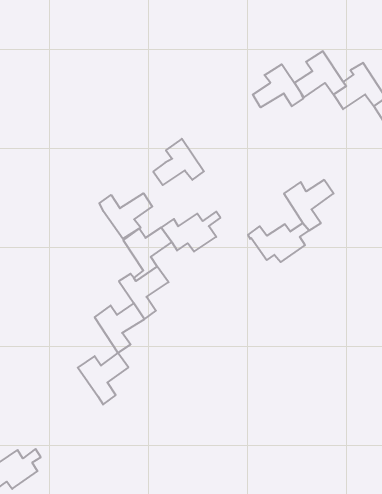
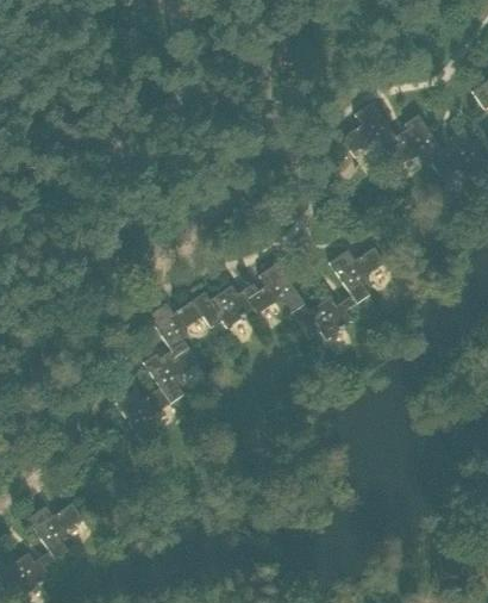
building: [253,64,303,107] -> none
building: [153,139,204,185] -> [245,261,302,313]
building: [99,193,152,239] -> none
building: [78,353,128,405] -> [27,501,85,559]

